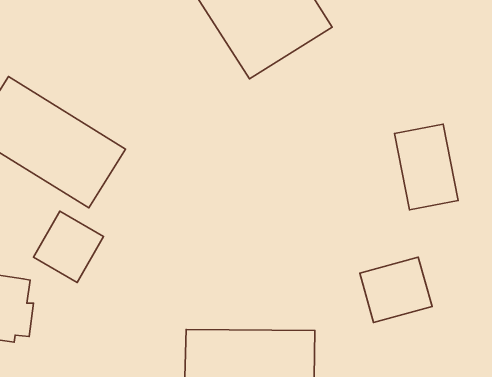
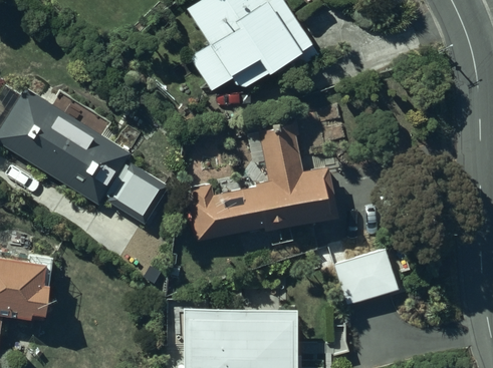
building: none -> [187,119,337,243]
building: [394,124,458,210] -> none
building: [33,211,104,283] -> [107,161,169,224]

